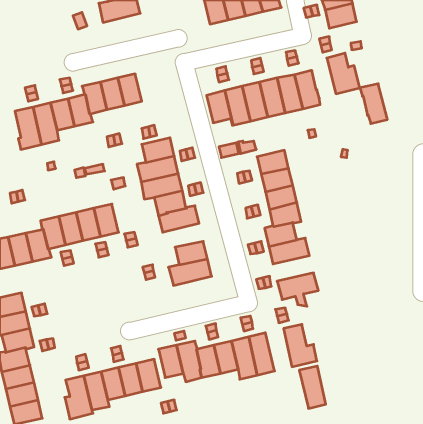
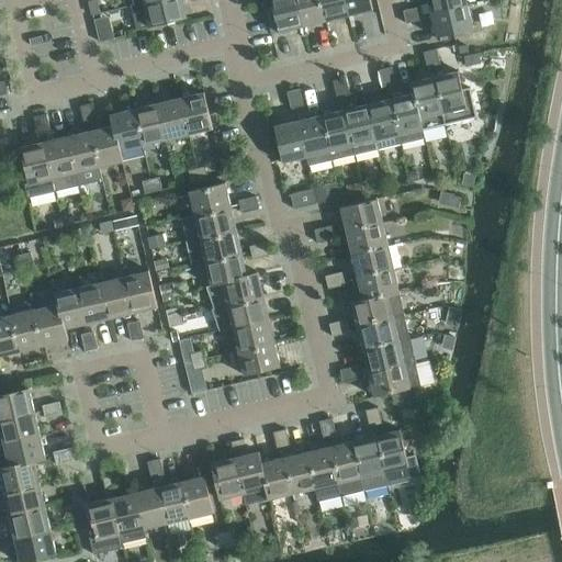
building: none -> [179,92,212,134]
building: [360,84,387,124] -> [408,77,445,130]
building: none -> [215,295,269,330]
building: none -> [361,338,415,372]
building: [299,366,326,408] -> [351,435,386,491]

